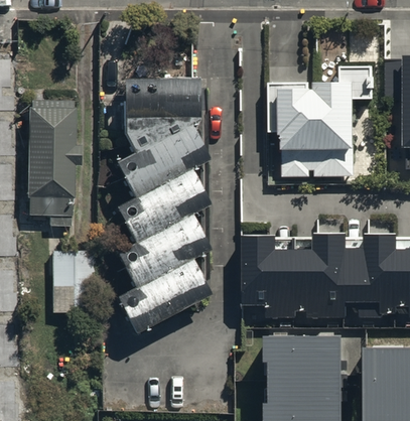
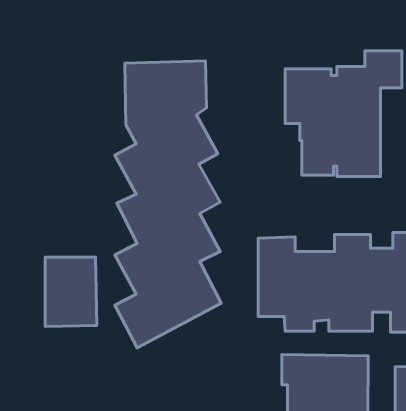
building: [27,102,82,229] -> none

